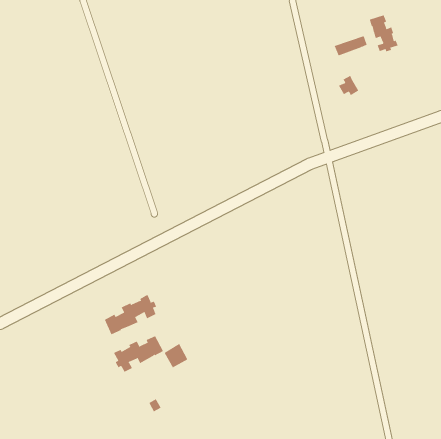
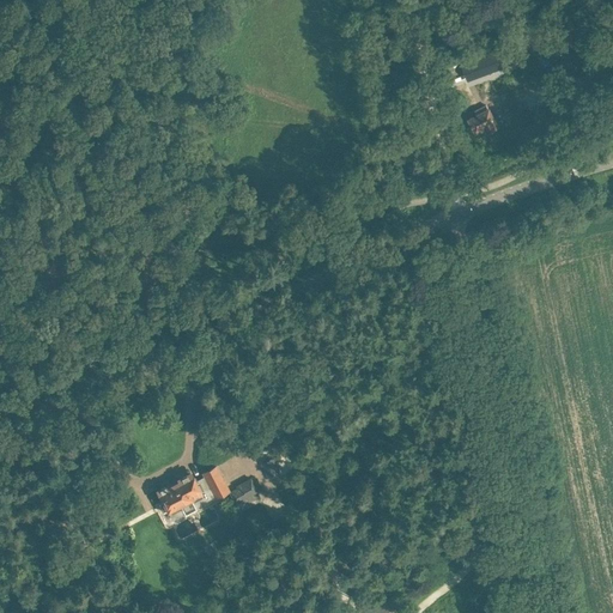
building: [369,15,398,52] -> none
building: [104,294,157,335] -> none

